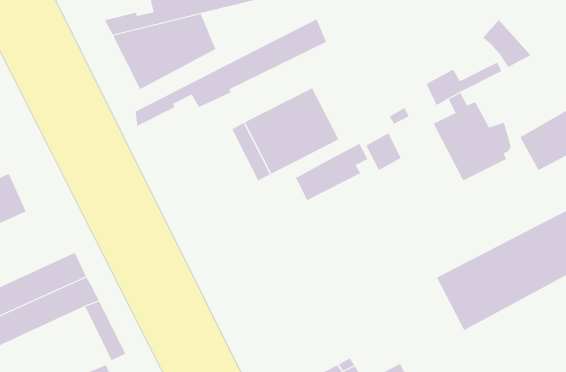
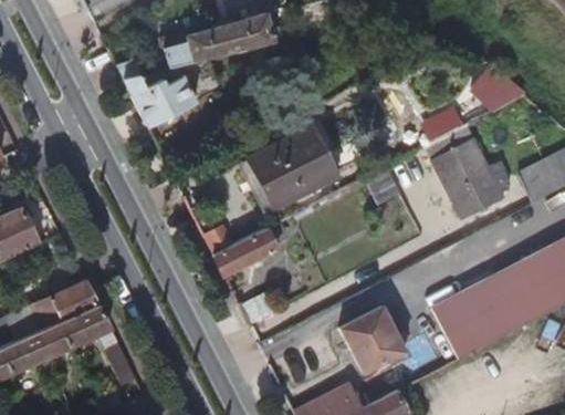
building: [135,19,327,127] -> none
building: [295,143,368,201] -> [216,222,285,278]
building: none -> [341,305,408,374]

